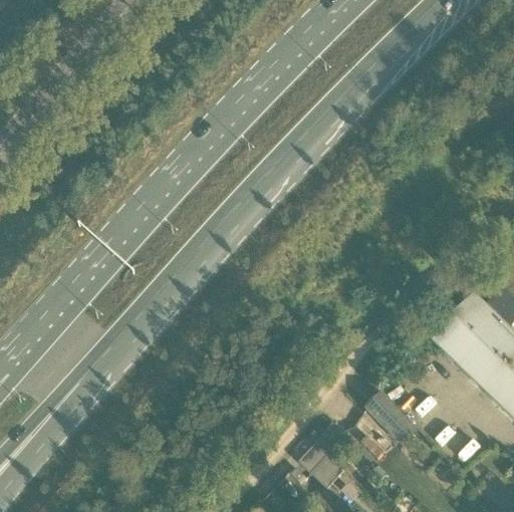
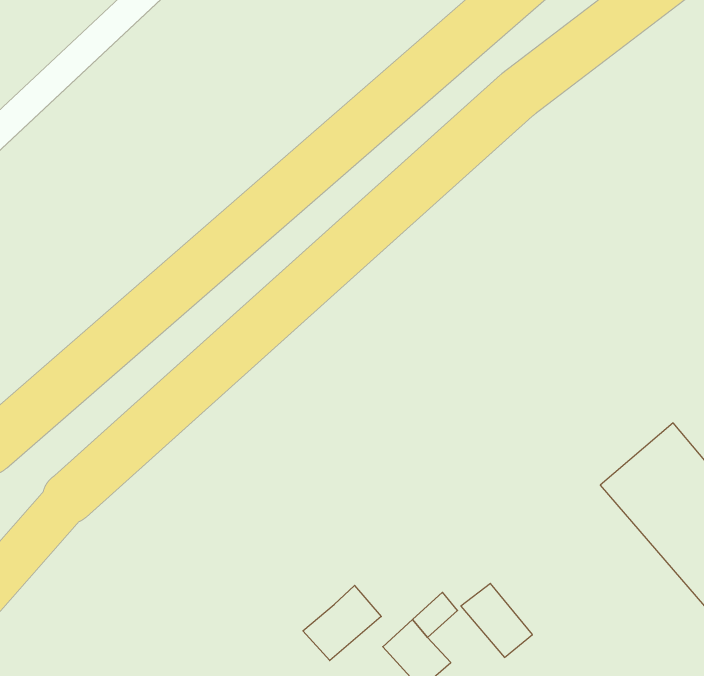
building: [365,393,417,444] -> none
building: none -> [303,585,381,661]

